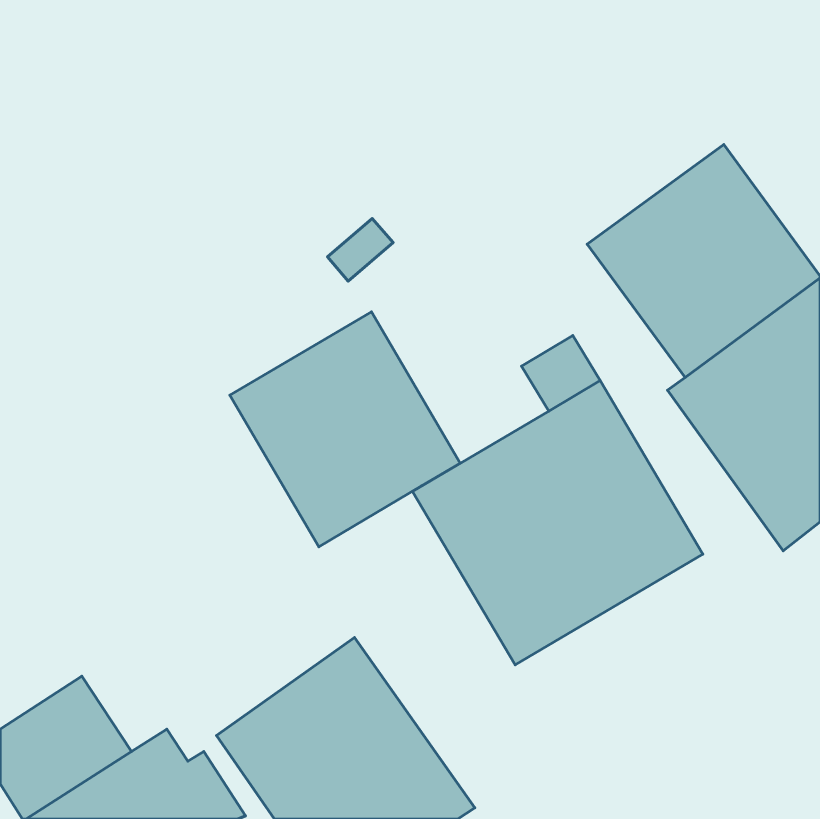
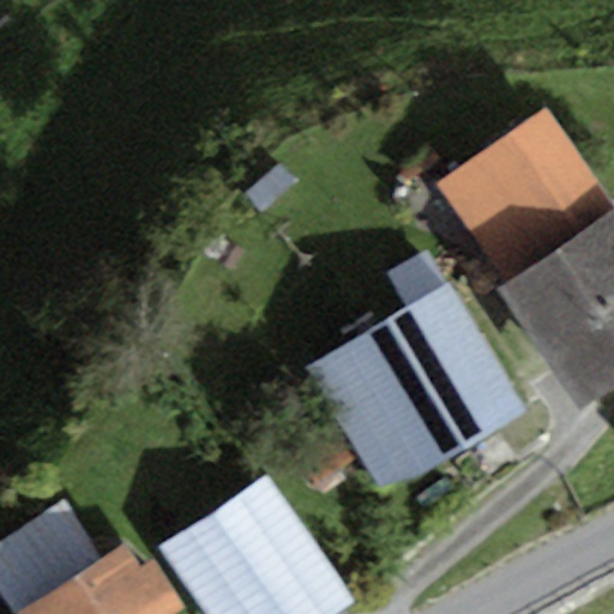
building: [230,312,460,547] -> none

